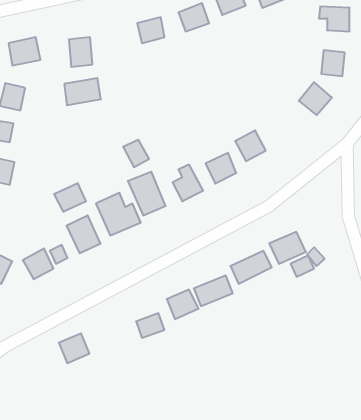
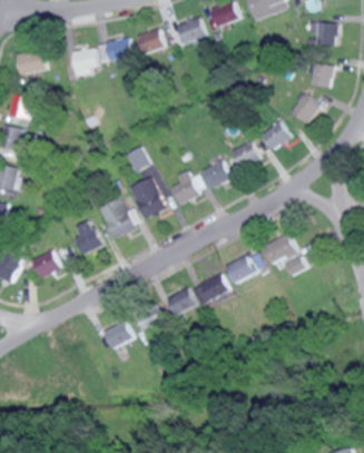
building: [64,78,101,105] -> [99,39,134,65]
building: none -> [262,120,292,150]
building: [54,183,86,212] -> none
building: [59,334,89,363] -> [102,321,131,348]

